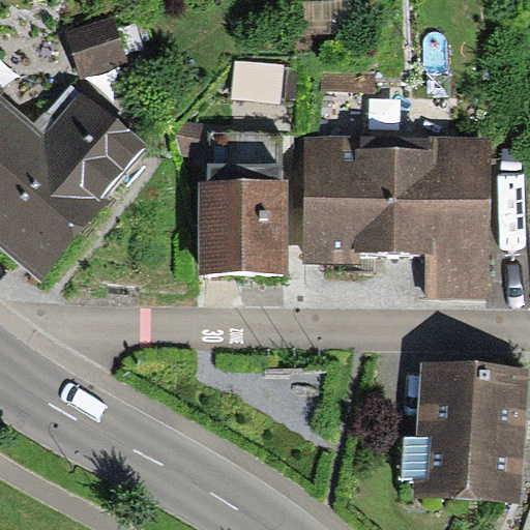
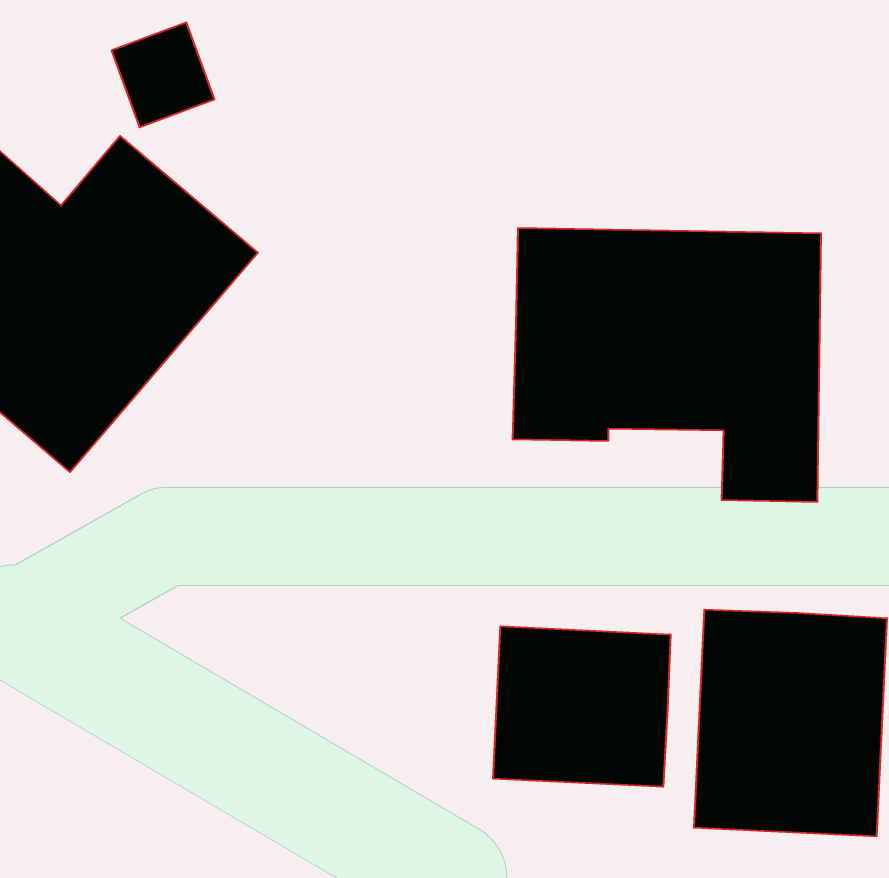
building: [202,170,287,281] -> none
building: none -> [493,626,670,787]

